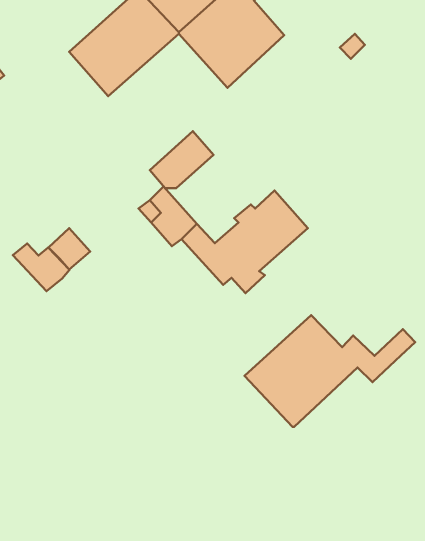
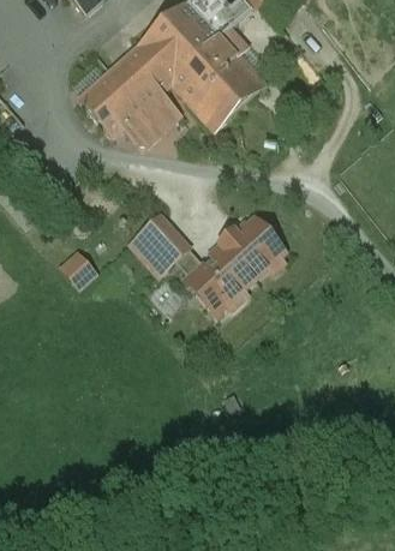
building: [150,131,214,188] -> [122,92,178,142]
building: [13,244,69,291] -> none
building: [245,315,415,427] -> none

